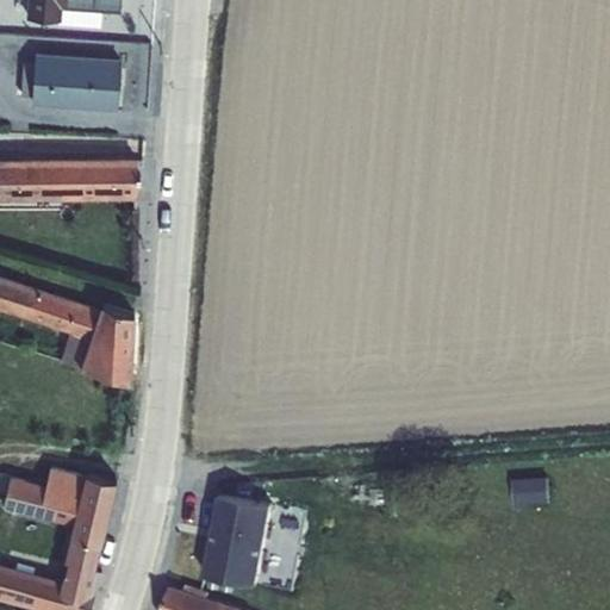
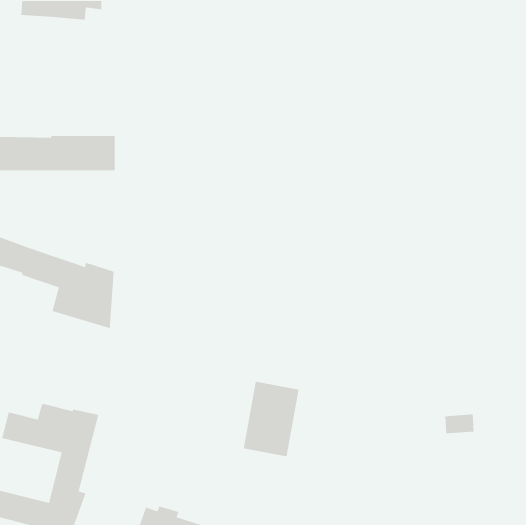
building: [19,54,119,112] -> none
building: [205,497,270,585] -> [243,381,300,457]

